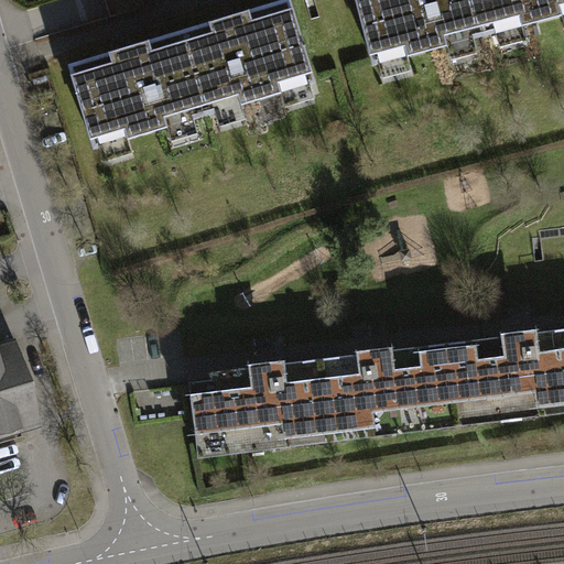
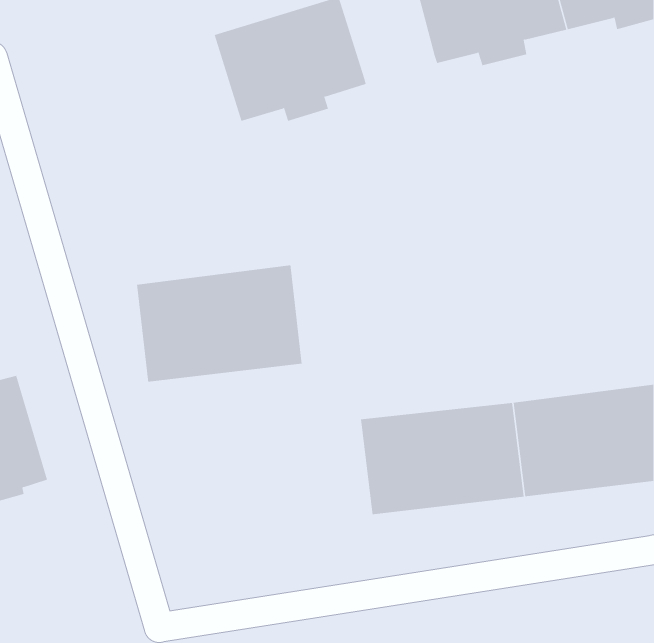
building: [72,30,205,139] -> none
building: none -> [137,264,302,383]
building: [176,357,316,454] -> none

